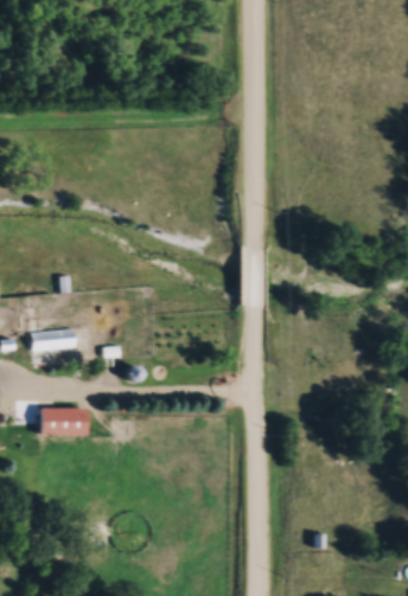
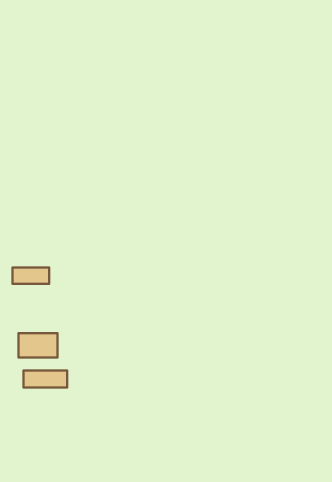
building: none -> [24,371,67,388]

